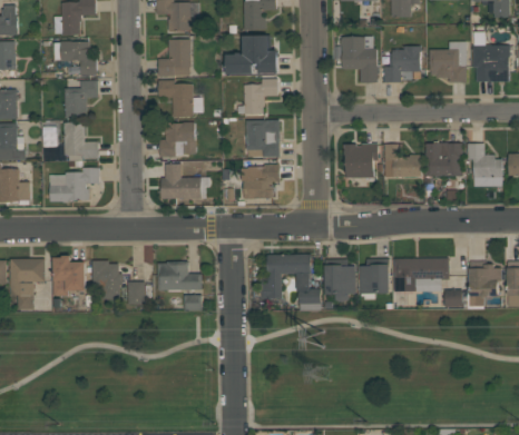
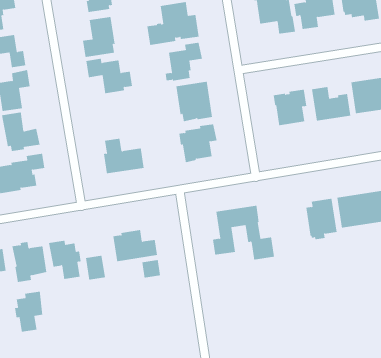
building: [159,122,196,157] -> none
building: [325,259,356,301] -> none
building: none -> [15,291,43,333]

